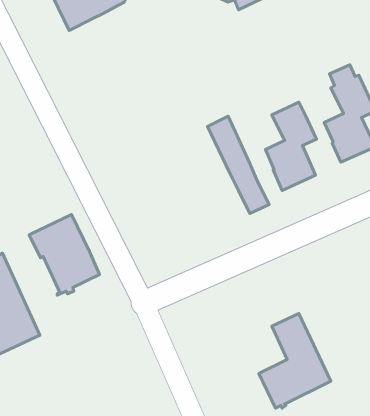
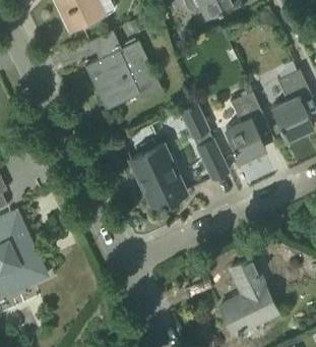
building: none -> [85,32,162,111]
building: [29,214,100,295] -> [130,144,186,209]

